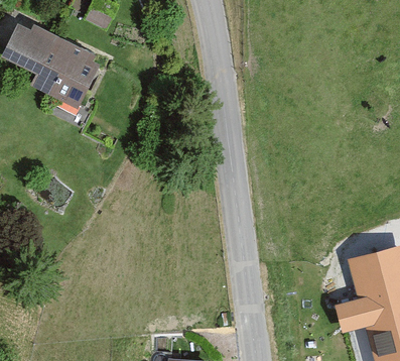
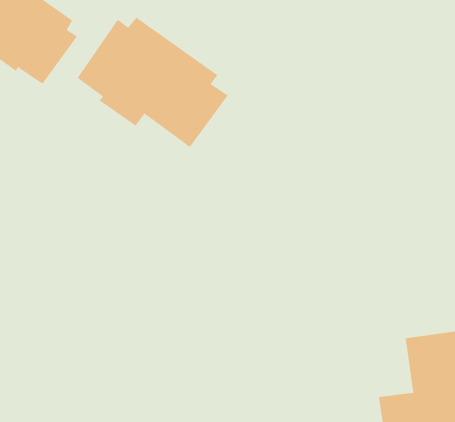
building: none -> [77,17,228,148]

